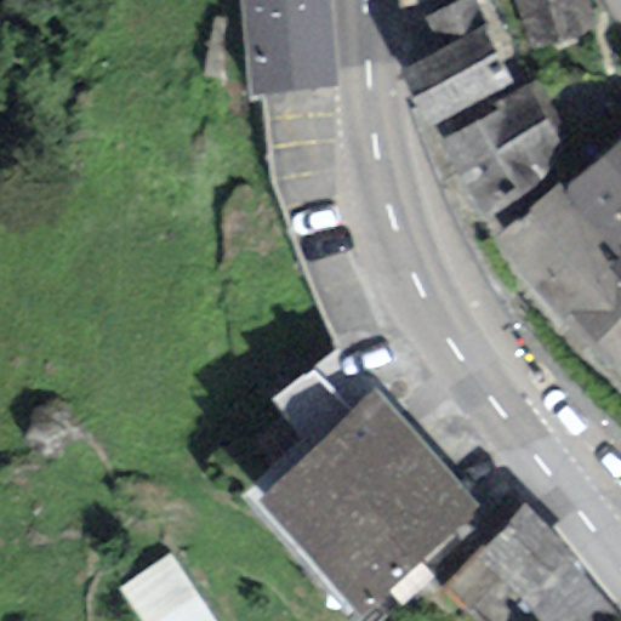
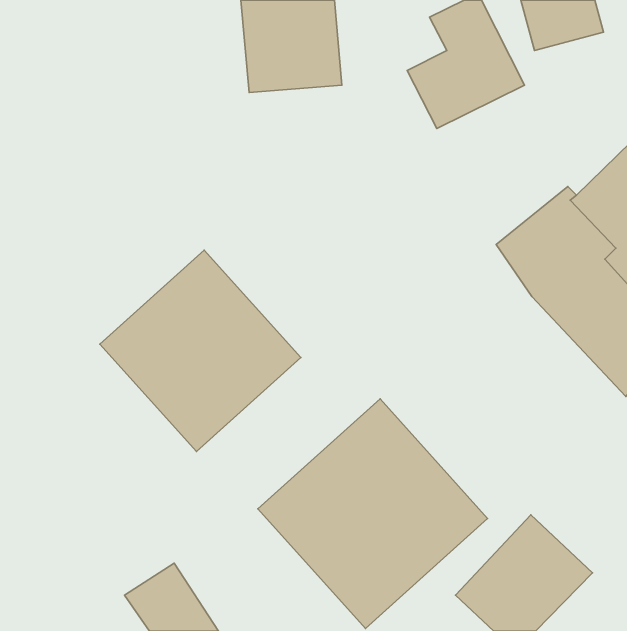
building: [443,82,582,220] -> none
building: none -> [100,250,301,451]

